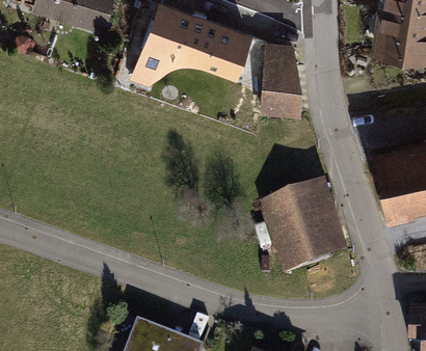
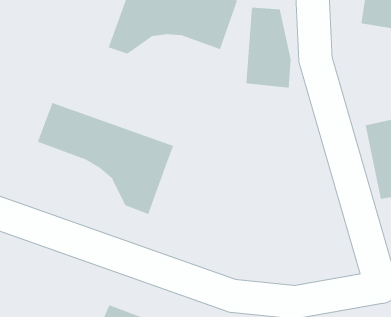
building: none -> [37,102,174,215]
building: [259,185,347,276] -> none

